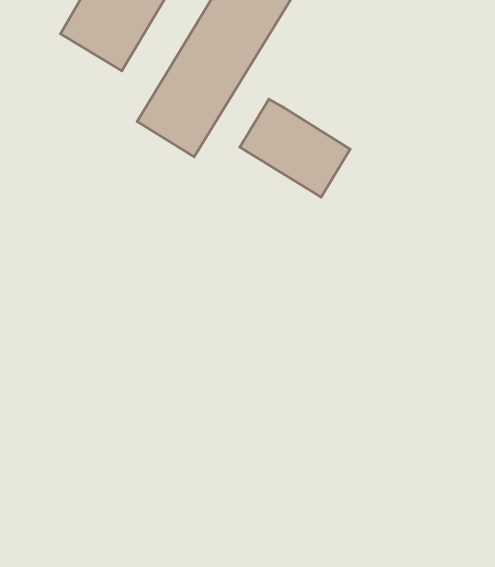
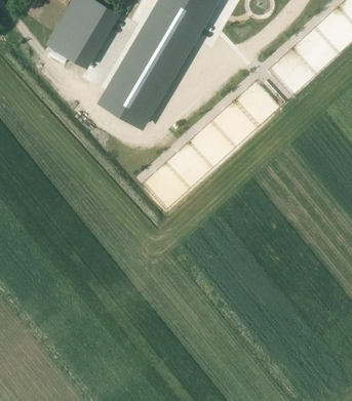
building: [240,99,350,197] -> none

